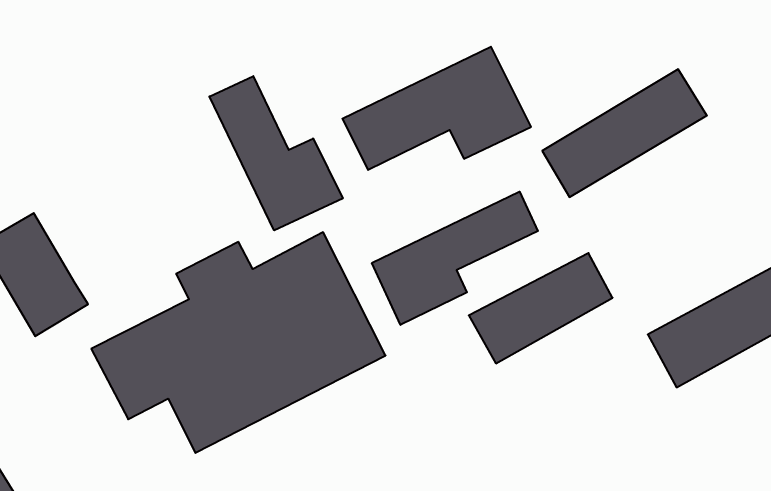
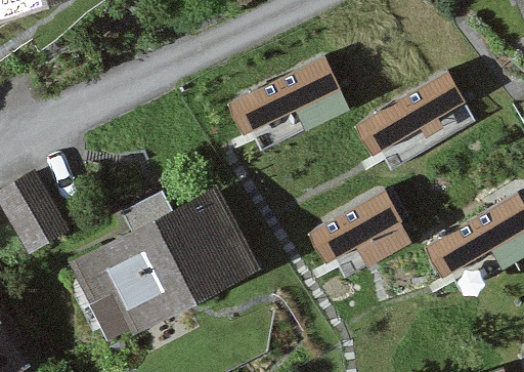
building: [209,76,343,230] -> none
building: [372,192,538,325] -> none

